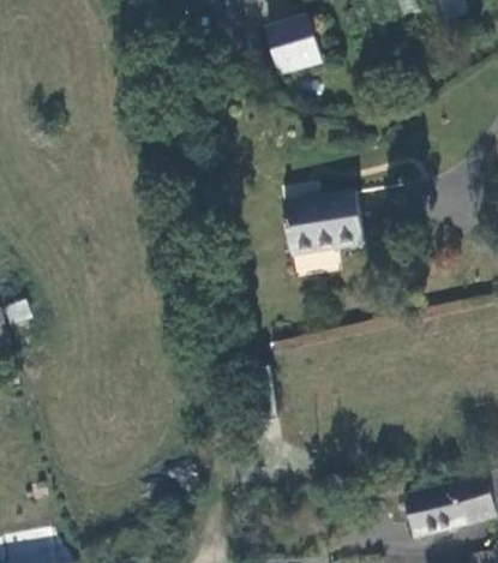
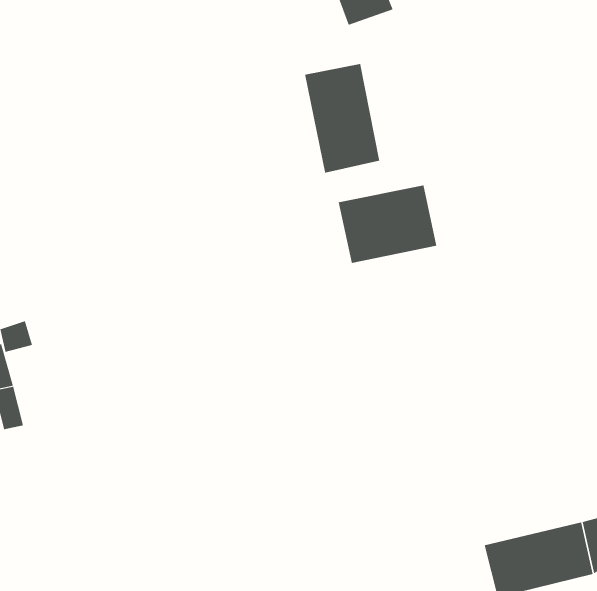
building: none -> [304,63,380,173]

